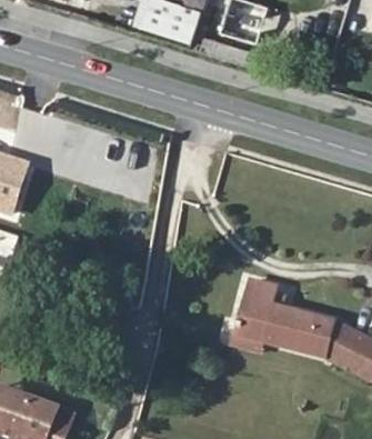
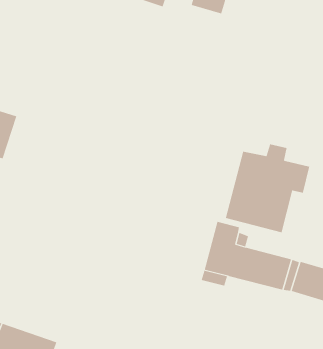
building: none -> [225,144,310,233]

